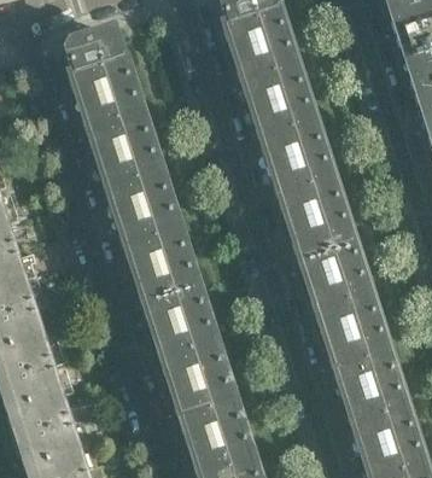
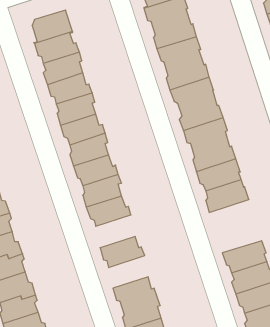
building: [316,292,390,367] -> none
building: [157,314,212,360] -> none
building: [175,371,230,416] -> none

